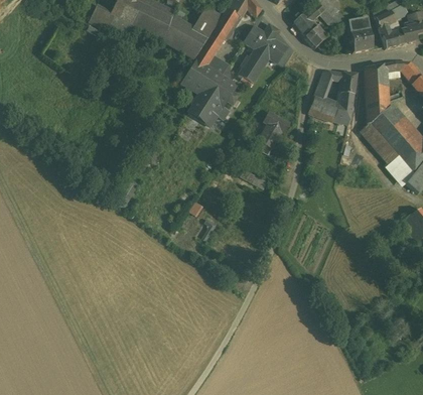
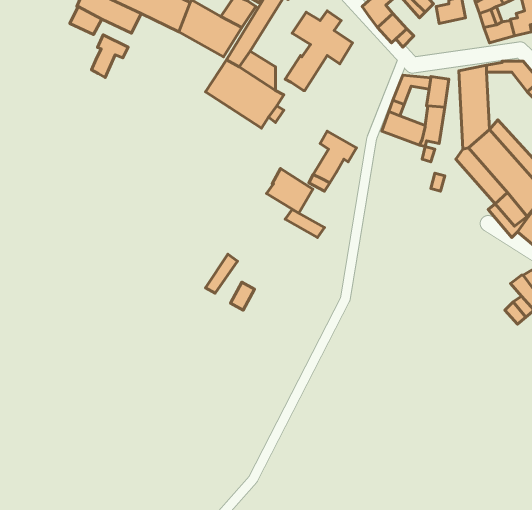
building: [349,29,372,51] -> none
building: none -> [91,35,128,77]
building: [188,94,222,126] -> [267,168,313,213]

